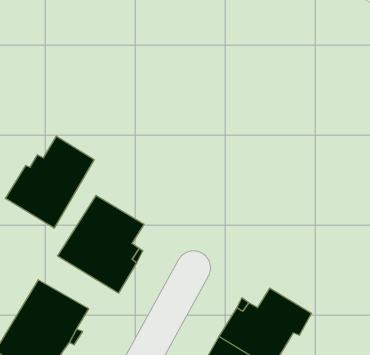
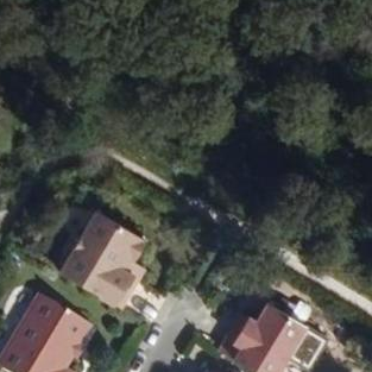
building: [5,136,94,228] -> none

